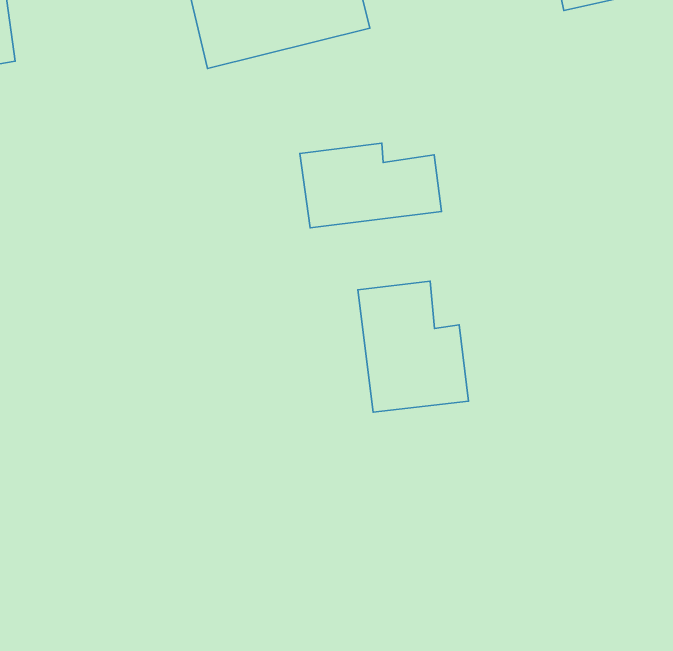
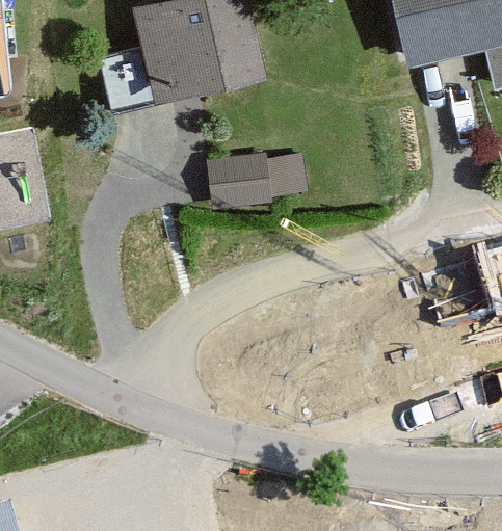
building: [358,281,468,412] -> none

